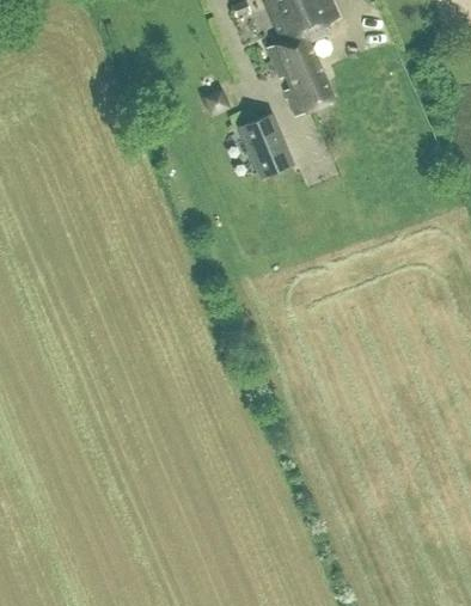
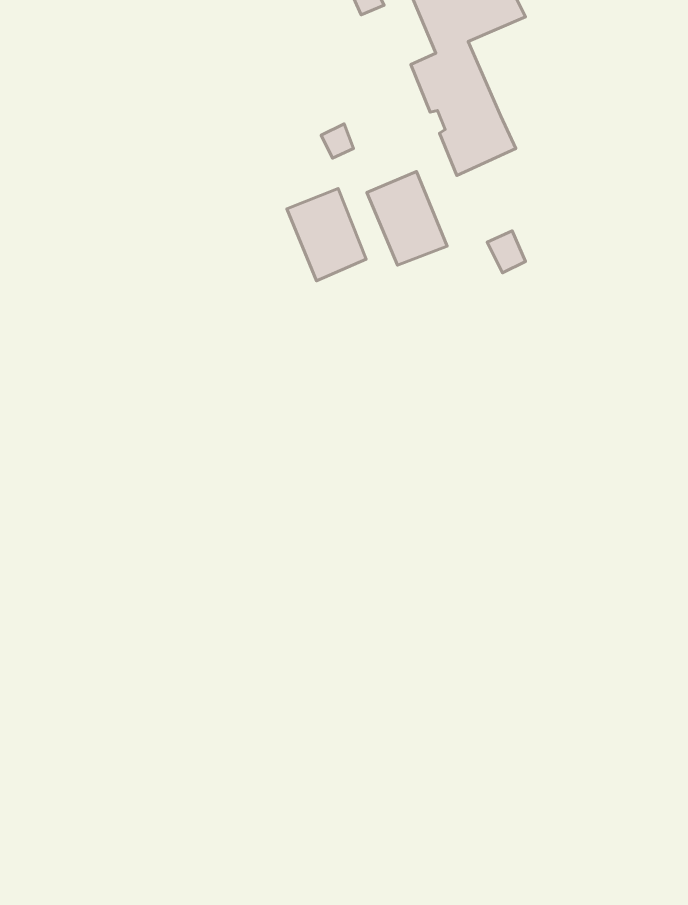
building: none -> [287,189,366,281]

